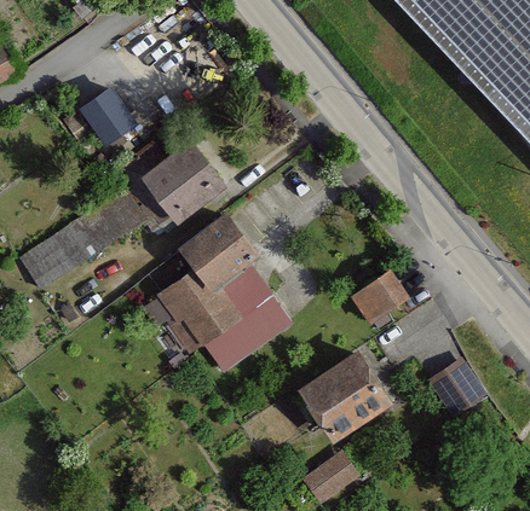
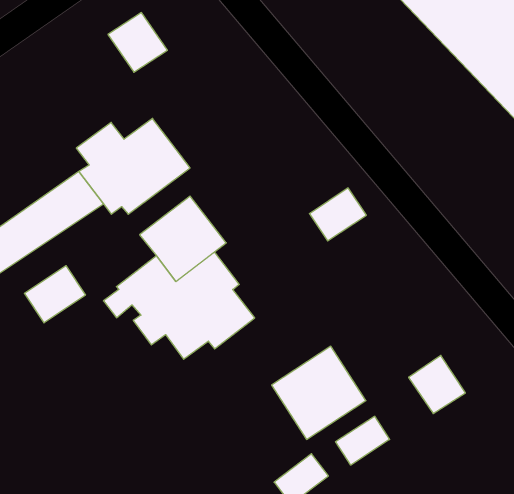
building: [81,91,137,146] -> [108,13,167,72]
building: [355,271,408,320] -> [309,188,366,241]
building: none -> [24,266,85,323]
building: none -> [336,416,390,465]

